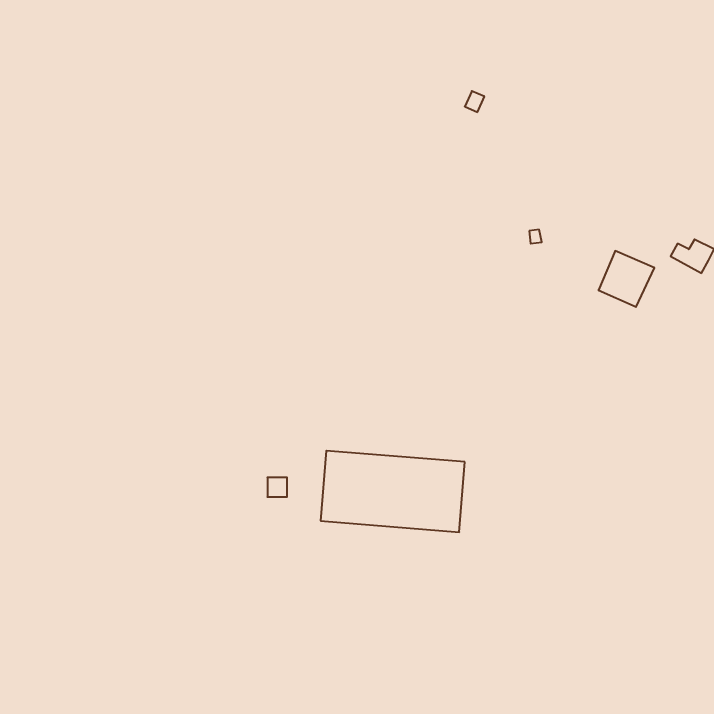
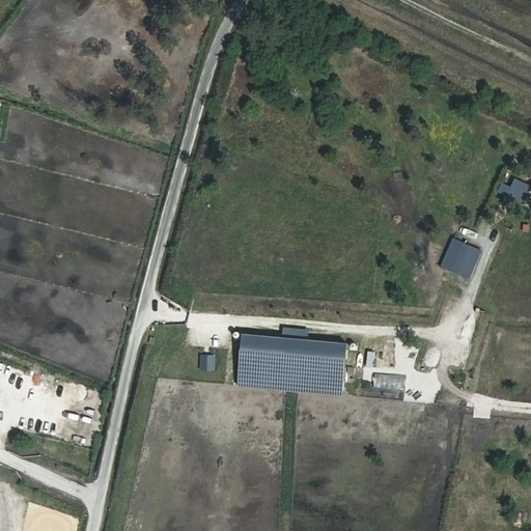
building: [598,251,654,307] -> [439,236,480,278]

